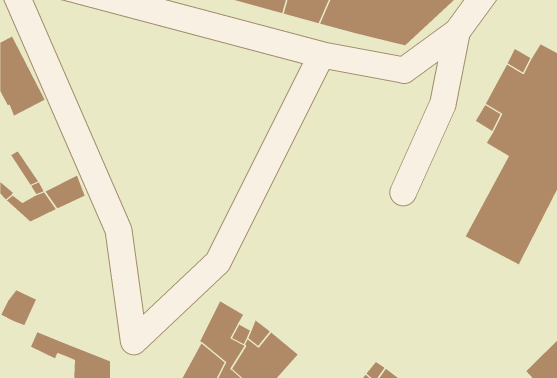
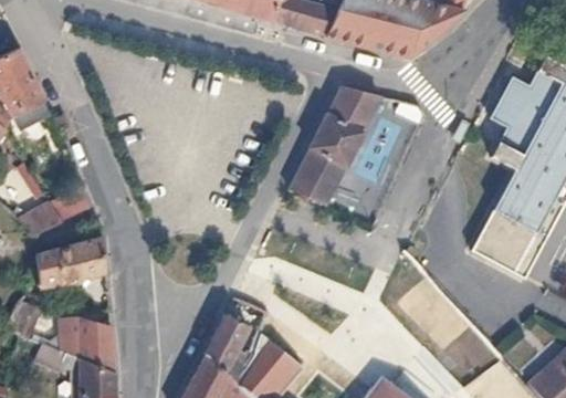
building: none -> [289,86,381,203]
building: none -> [36,237,107,289]
building: none -> [65,316,116,374]

